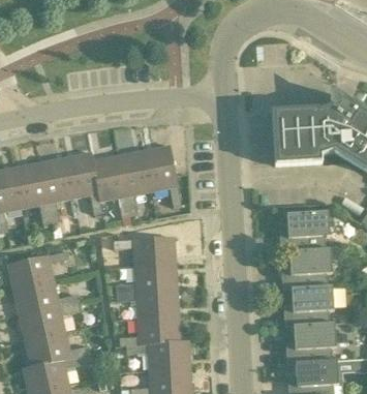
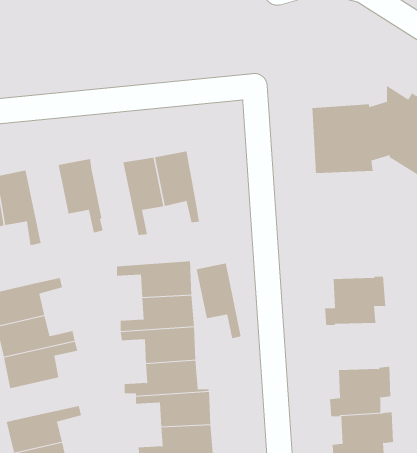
building: [92,155,129,217] -> [196,263,242,339]
building: [38,157,72,221] -> none
building: [279,211,329,252] -> none
building: [283,284,334,326] -> none
building: [25,331,90,365] -> none

